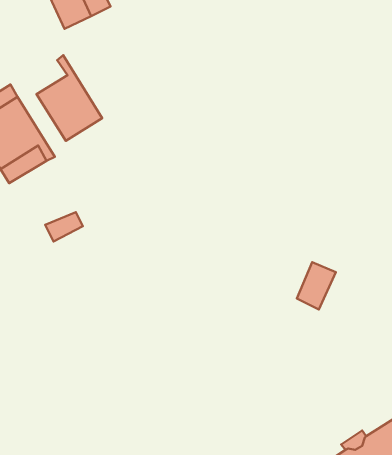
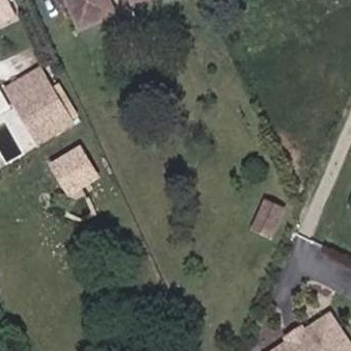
building: [37,55,102,141] -> none

